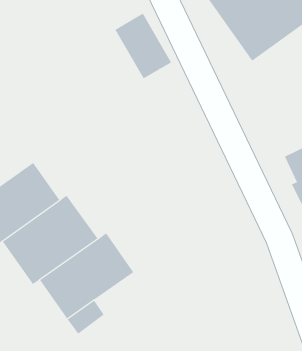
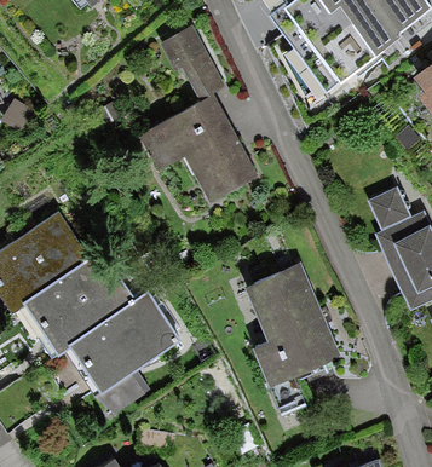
building: none -> [137,93,263,208]
building: none -> [244,264,338,384]

